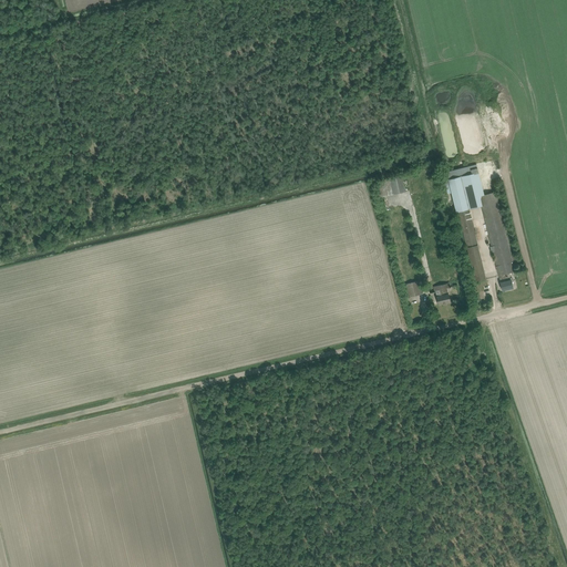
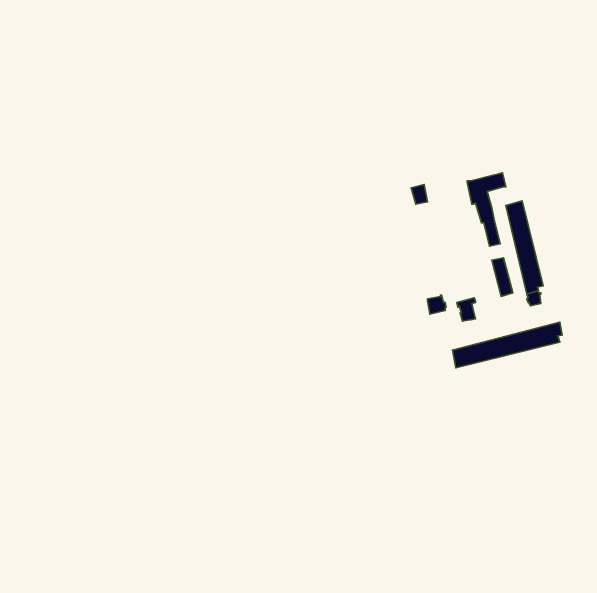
building: none -> [452,322,562,368]

